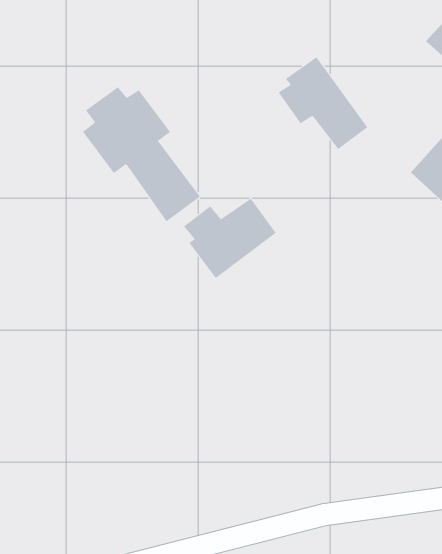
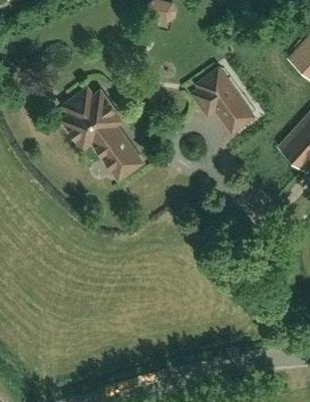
building: [183,198,277,279] -> none

